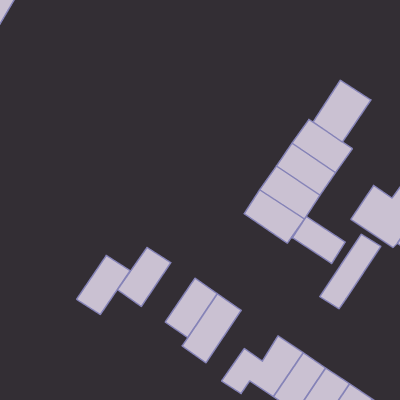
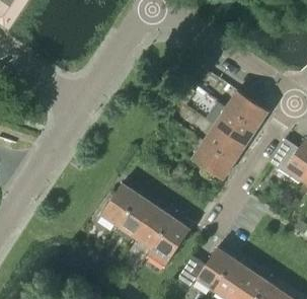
building: [313,80,371,142] -> none
building: [292,216,345,264] -> none
building: [320,234,381,309] -> none
building: [77,255,130,314] -> [118,194,156,236]

